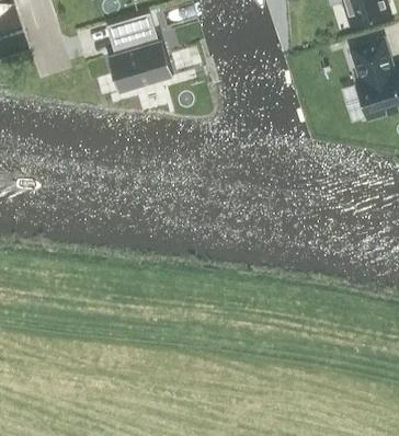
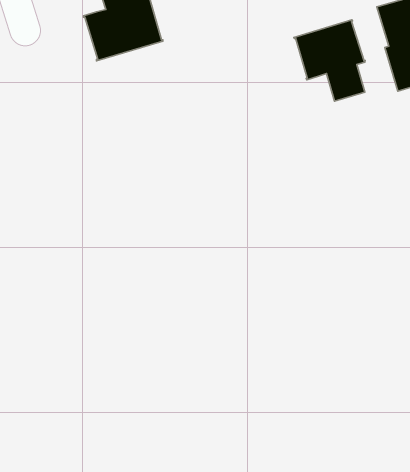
building: none -> [294,20,365,101]

